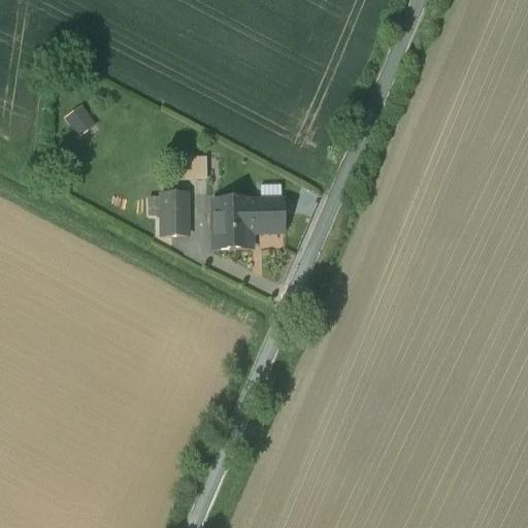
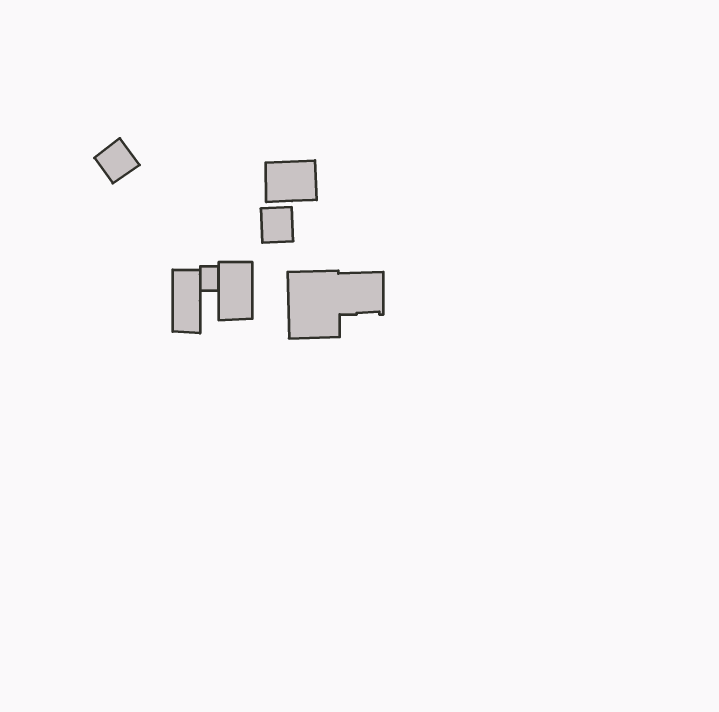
building: none -> [266,160,317,202]
building: none -> [173,270,200,333]

